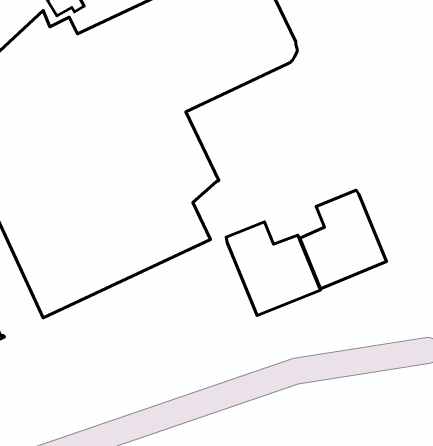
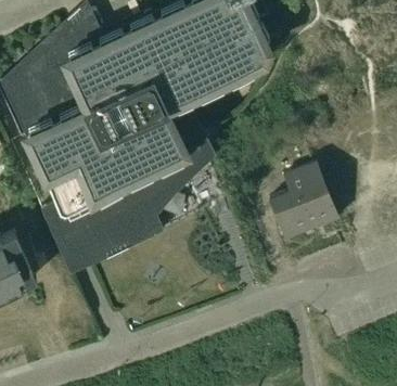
building: [226,222,320,315] -> none

